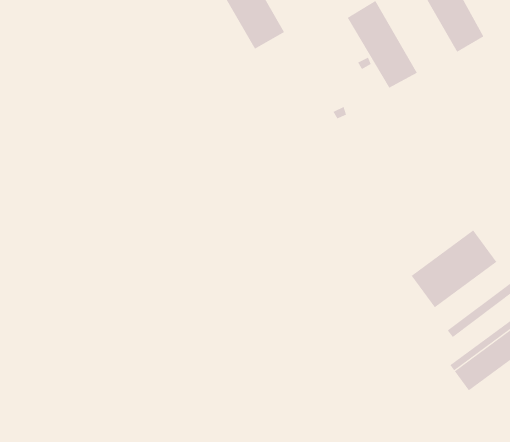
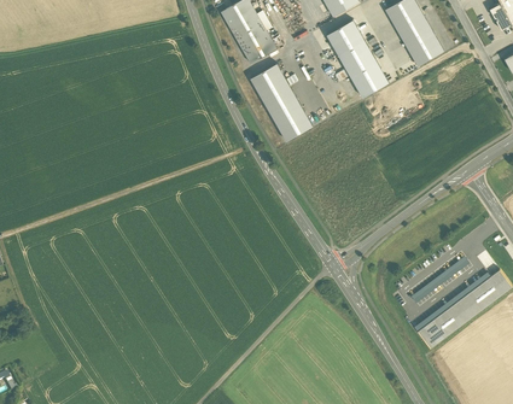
building: none -> [250,64,311,141]
building: [411,229,497,308] -> none

